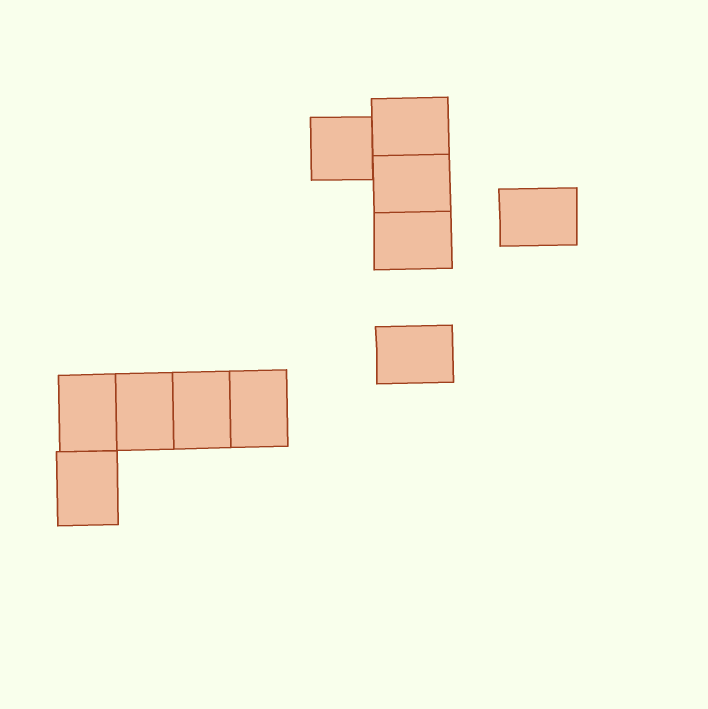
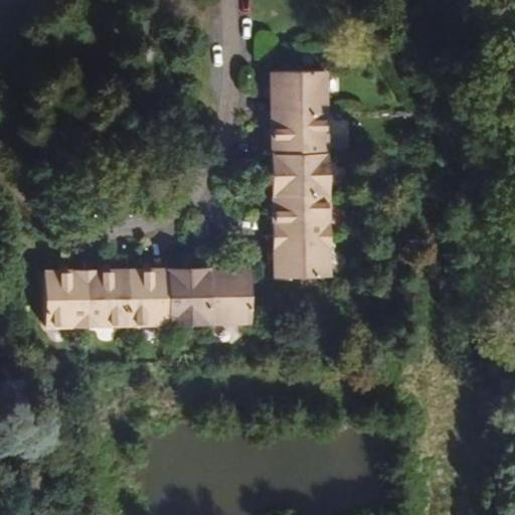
building: [310,117,373,180] -> none
building: [499,188,577,246] -> [273,195,329,237]
building: none -> [209,268,252,324]
building: [57,451,118,526] -> none

